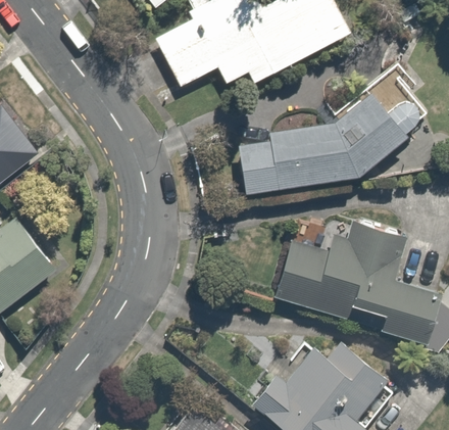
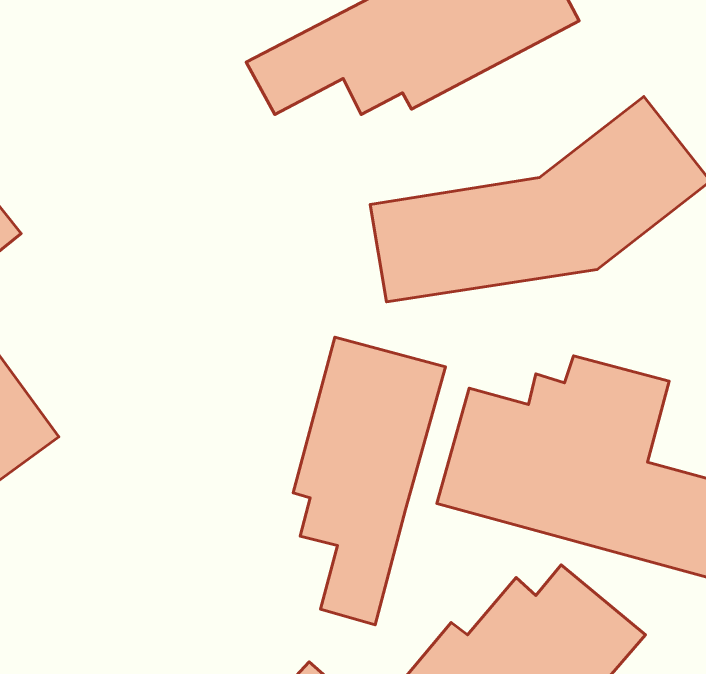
building: none -> [293,337,445,625]

